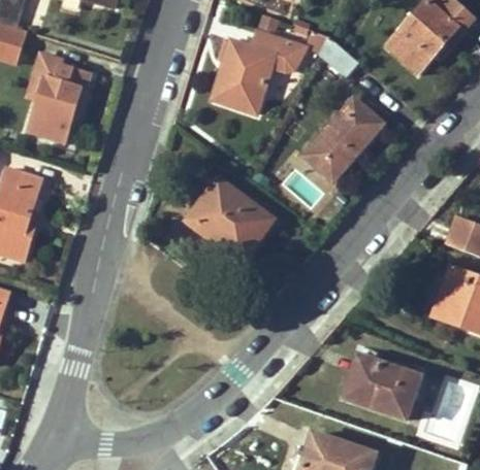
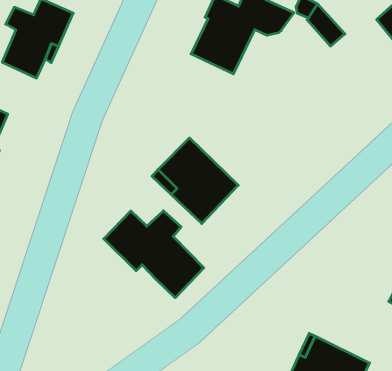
building: [305,99,382,178] -> none
building: none -> [104,211,204,298]

